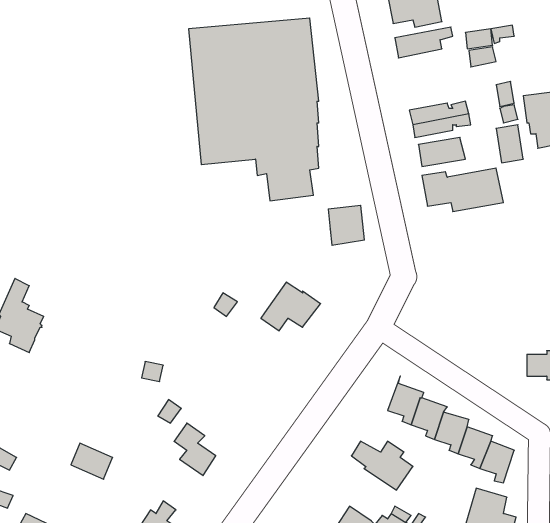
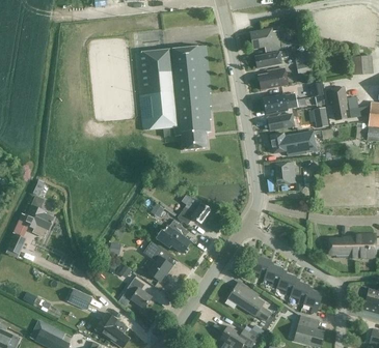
building: none -> [259,68,288,90]
building: [328,205,364,245] -> [275,163,296,185]
building: none -> [165,221,191,253]
building: none -> [143,241,173,281]

